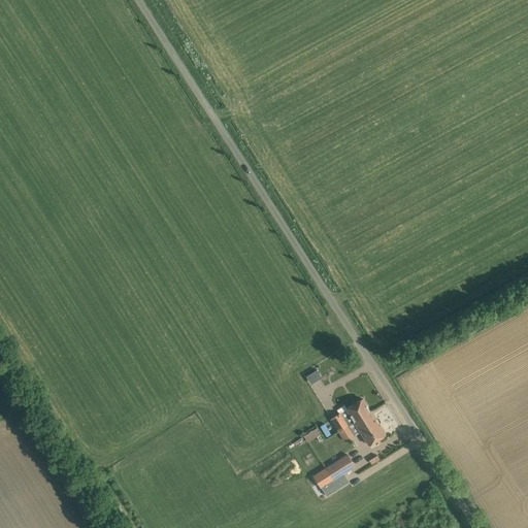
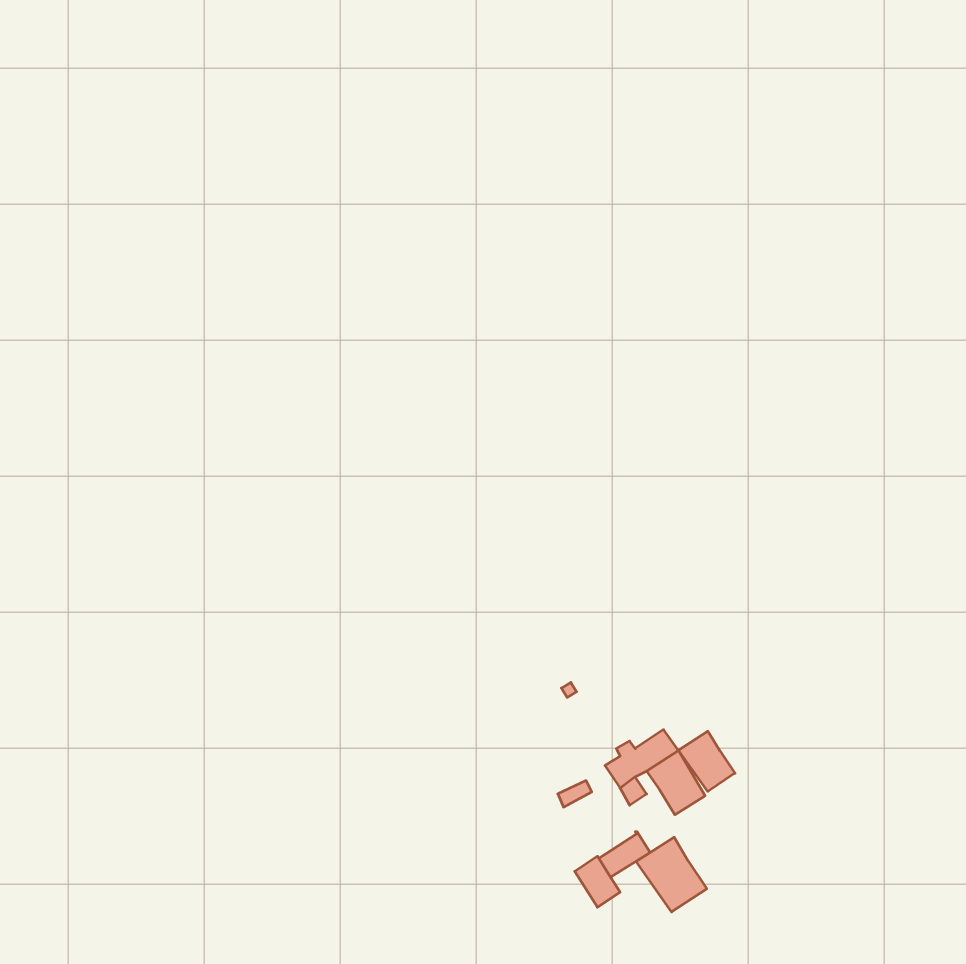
building: none -> [679,731,735,791]
building: none -> [636,837,707,912]

